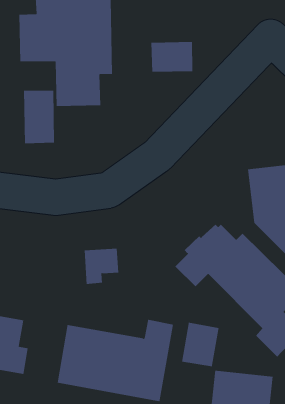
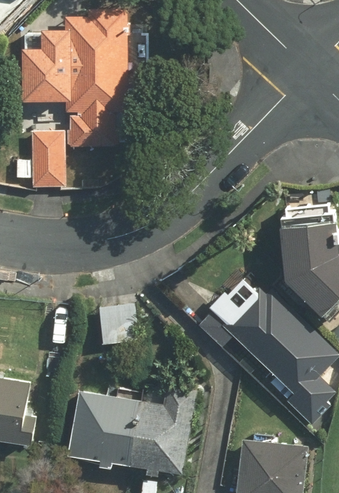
building: [151,41,193,72] -> none
building: [181,322,219,367] -> none

